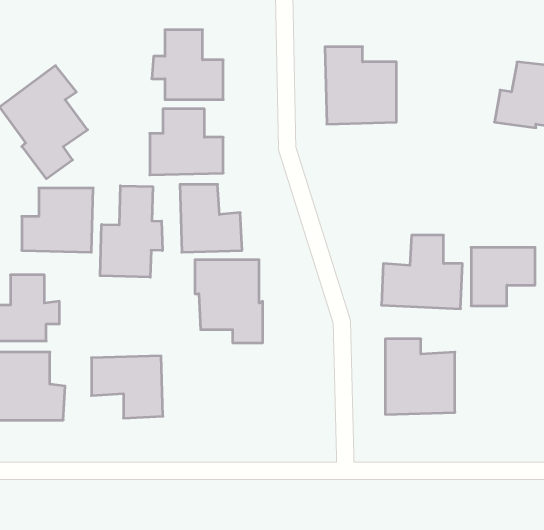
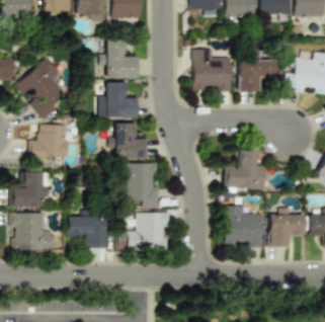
building: none -> [238,60,276,91]
building: [100,186,162,277] -> none
building: [471,247,535,306] -> [269,215,304,246]
building: none -> [128,212,168,249]

